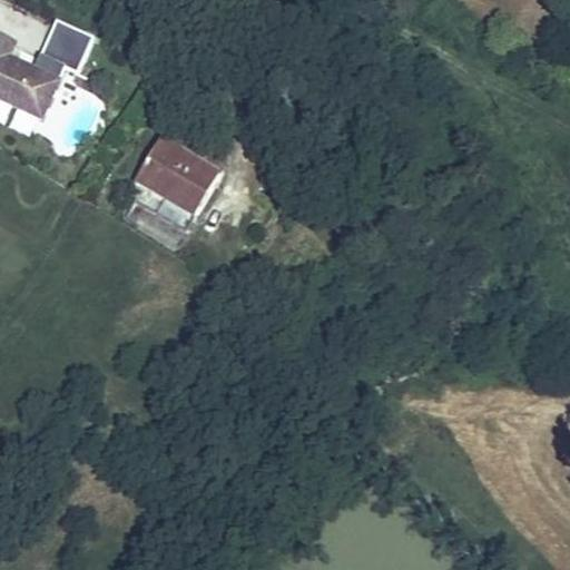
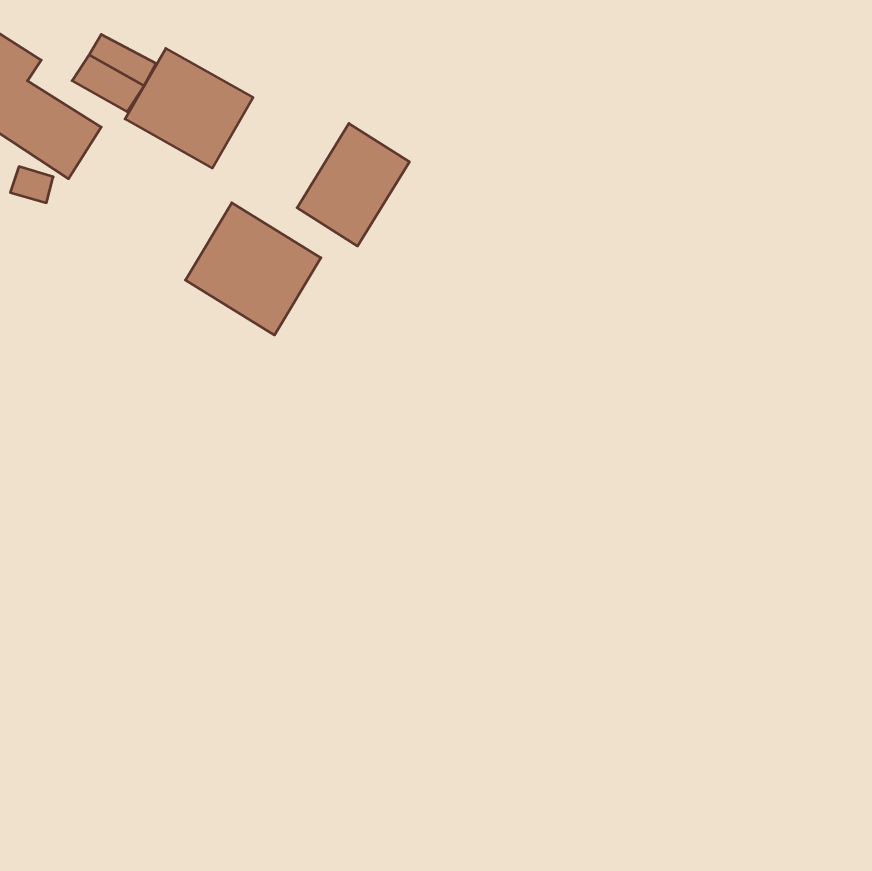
building: none -> [125,48,253,168]
building: none -> [297,123,409,246]

